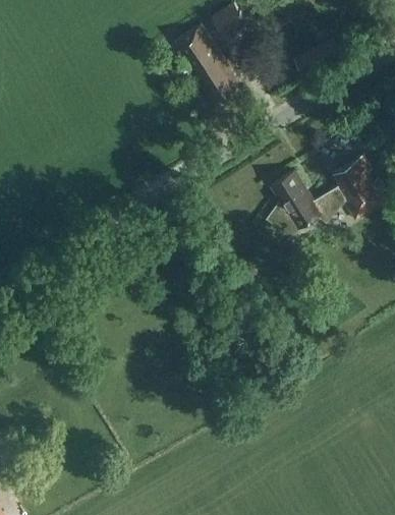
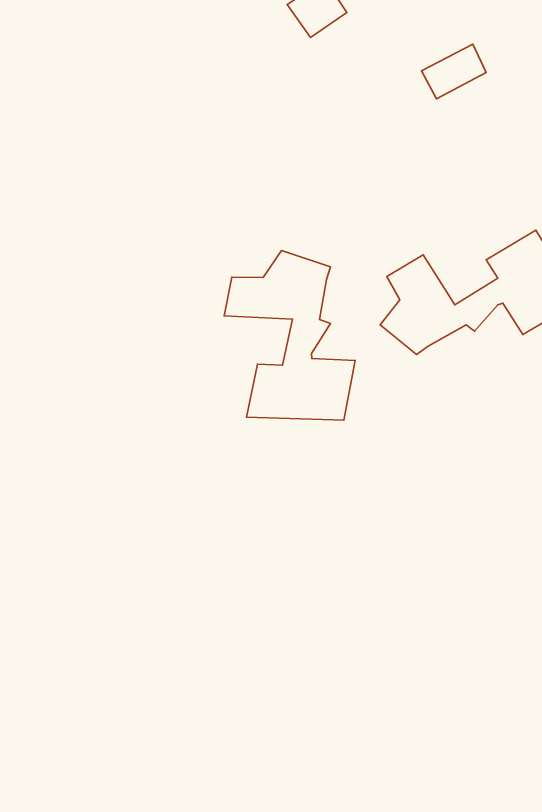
building: [176,24,238,100] -> none
building: none -> [224,251,355,420]

